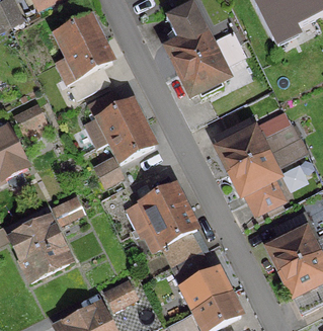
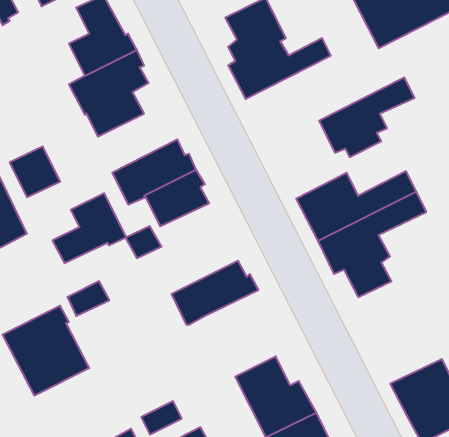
building: [179,40,246,96] -> [319,77,415,157]
building: none -> [53,193,126,263]
building: [140,204,201,265] -> none
building: [269,227,317,270] -> none

